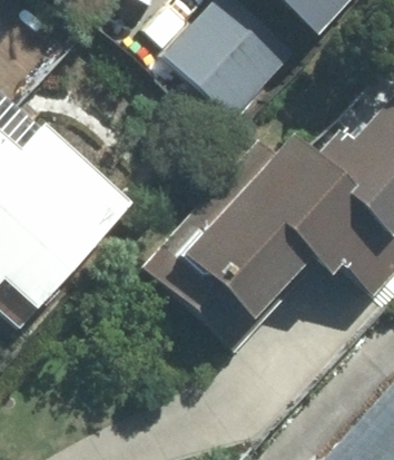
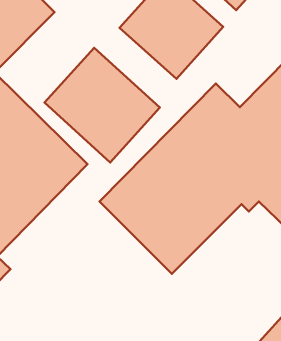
building: none -> [44,48,160,162]

